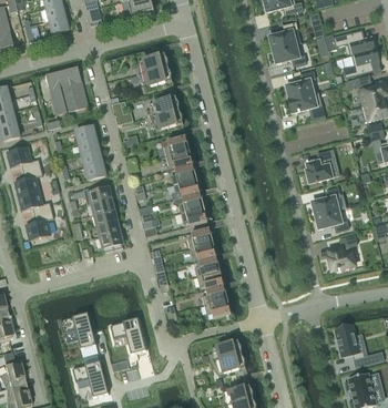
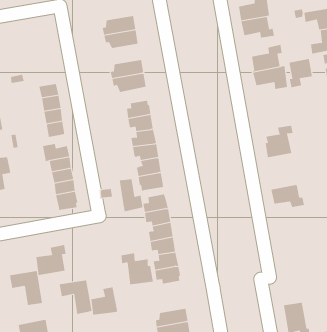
building: [45,67,88,114] -> none
building: none -> [289,58,312,88]
building: [310,186,340,215] -> none
building: none -> [119,179,143,212]
building: [327,234,357,273] -> none
building: none -> [36,244,66,276]
building: none -> [121,253,154,285]
building: none -> [91,287,118,316]

